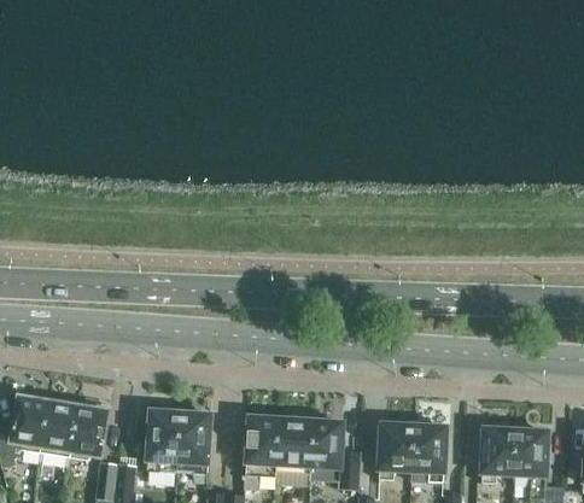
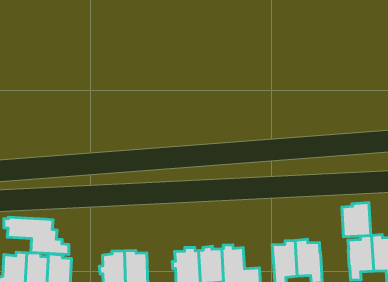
building: none -> [4,217,69,254]
building: none -> [342,202,371,237]

